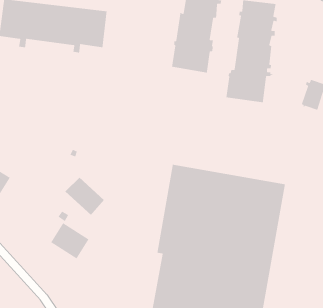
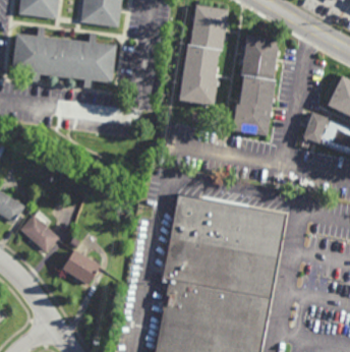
building: [64,177,105,216] -> [19,215,58,252]

